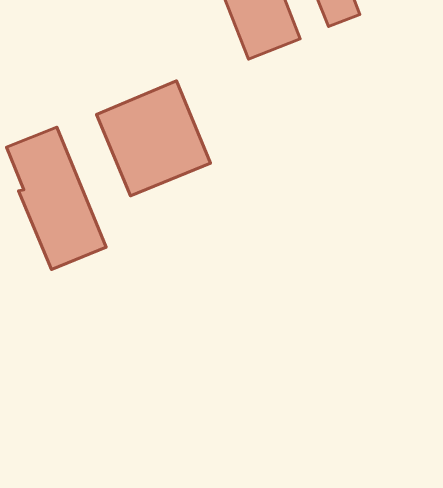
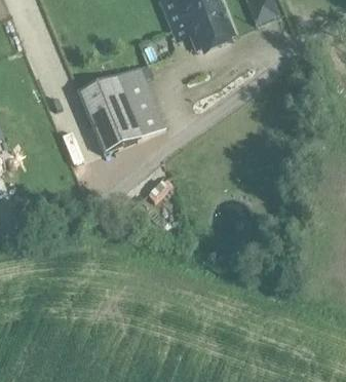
building: [6,127,106,269] -> none

